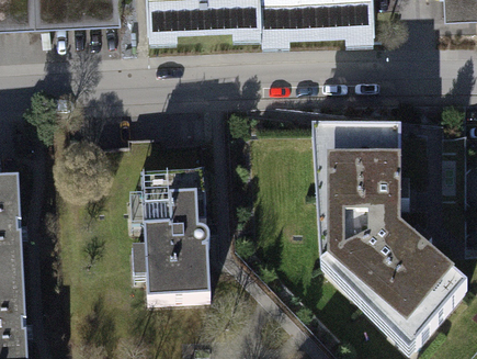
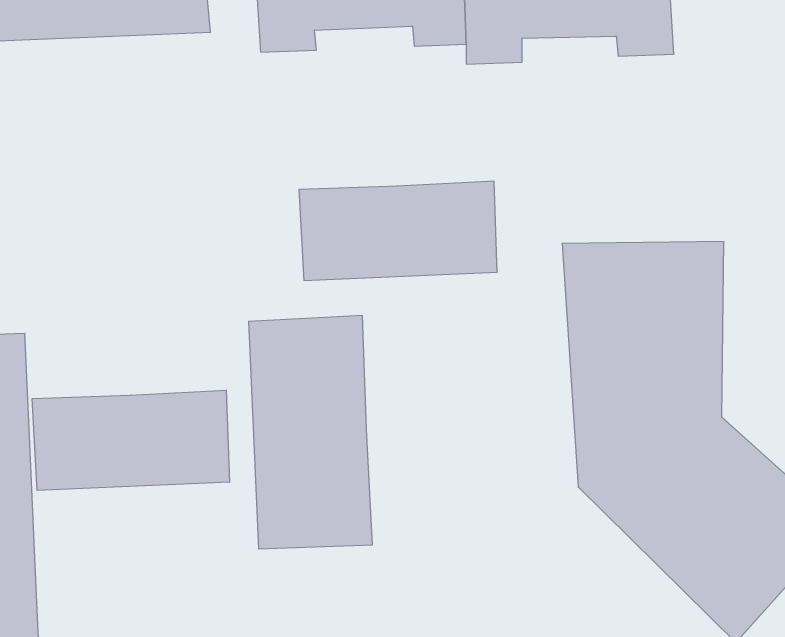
building: none -> [299,181,497,281]
building: none -> [32,390,229,490]

